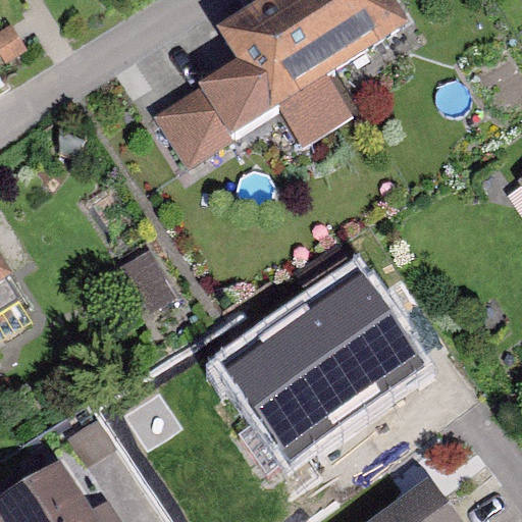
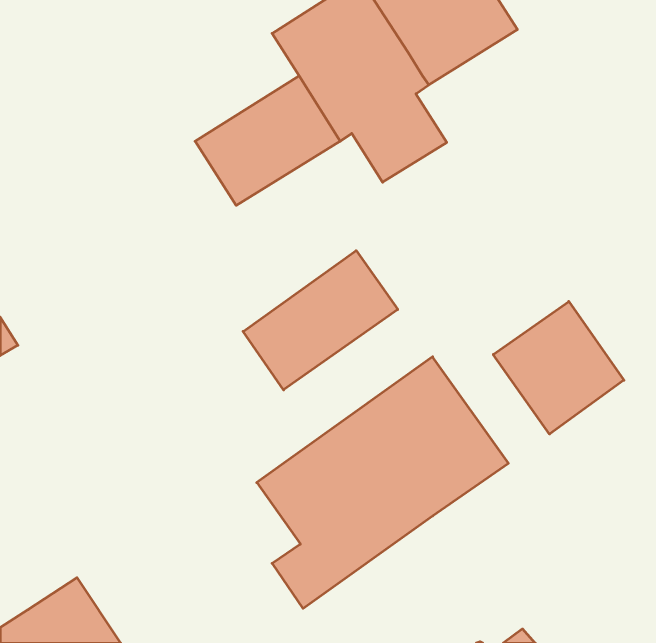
building: none -> [243,251,398,390]
building: none -> [493,301,624,434]

